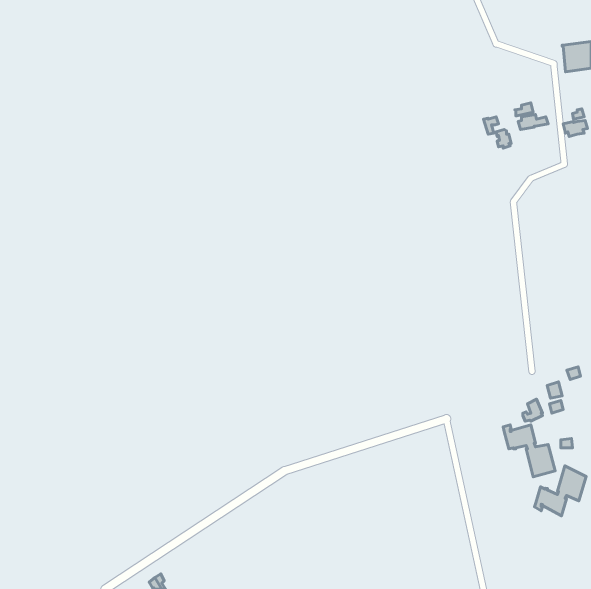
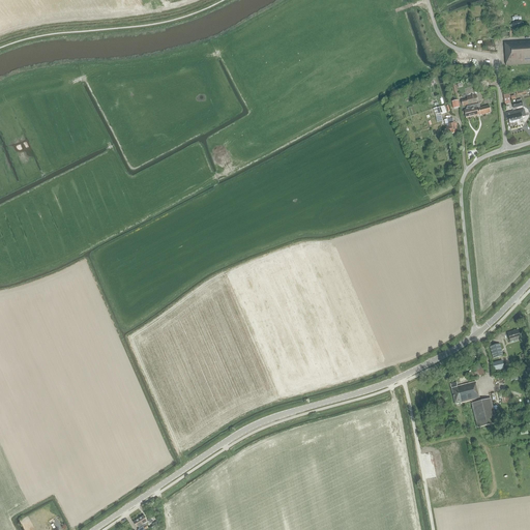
building: [534,466,586,516] -> none

